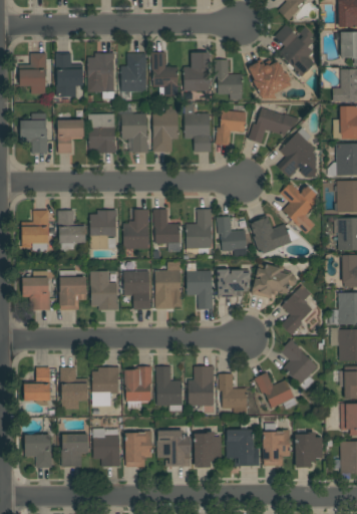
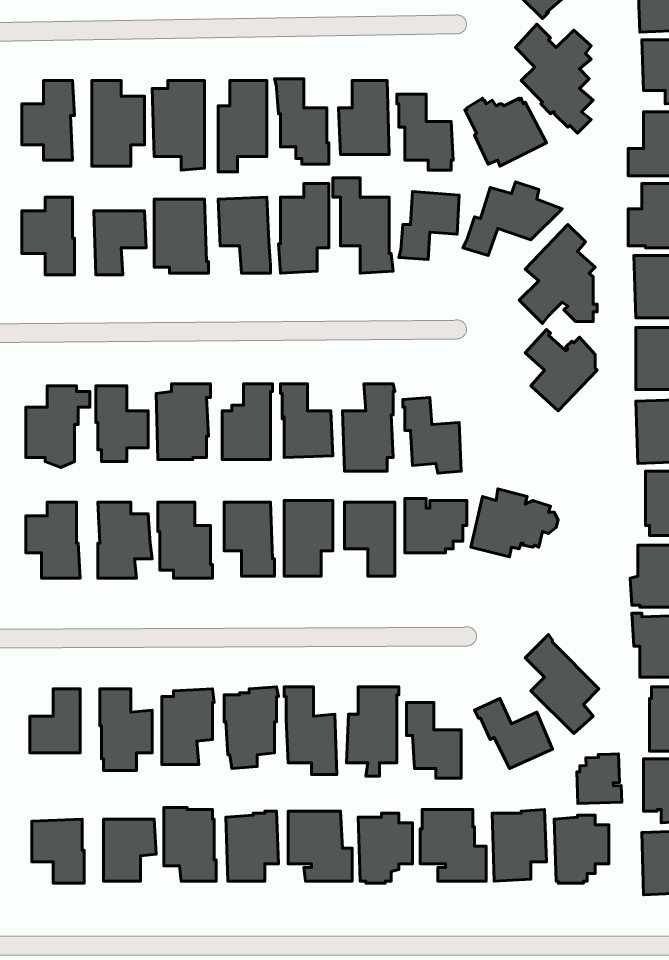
building: [250,216,292,254] -> none
building: [281,285,312,335] -> none
building: none -> [577,754,622,804]

